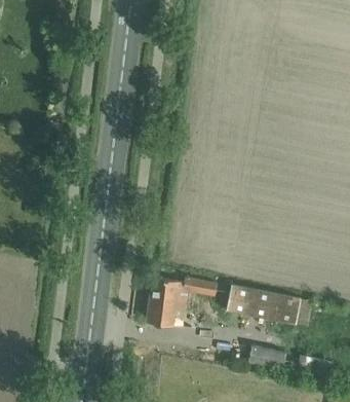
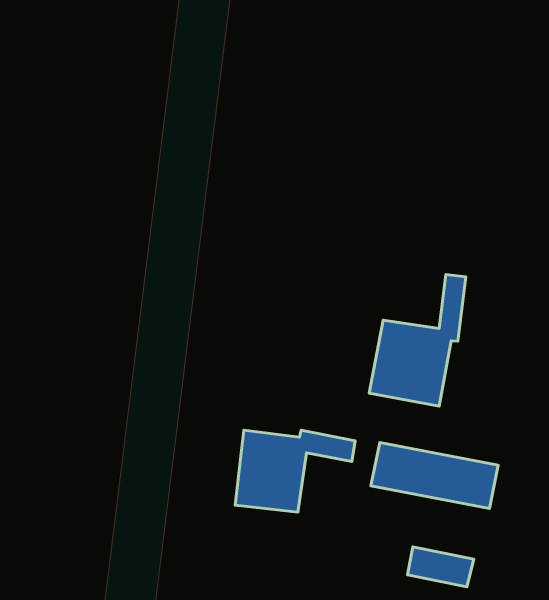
building: none -> [369,275,466,406]

